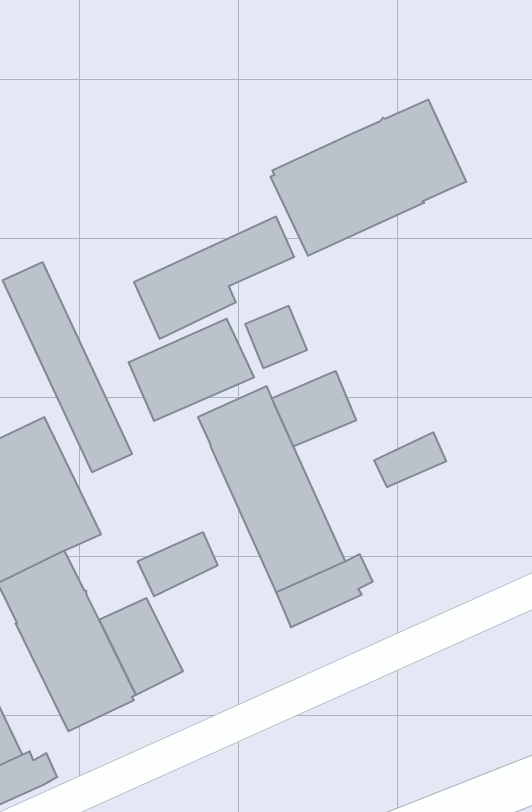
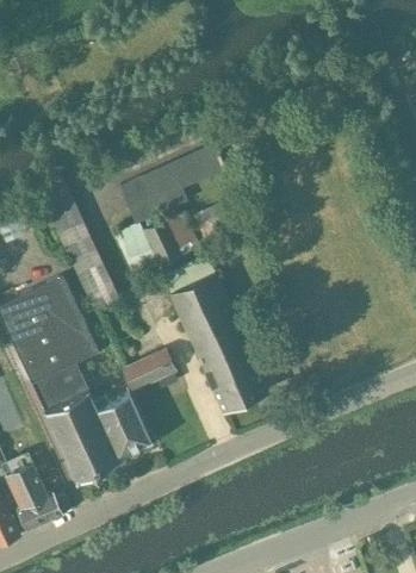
building: [271,99,466,256] -> none
building: [272,371,356,447] -> none
building: [374,432,446,487] -> none

